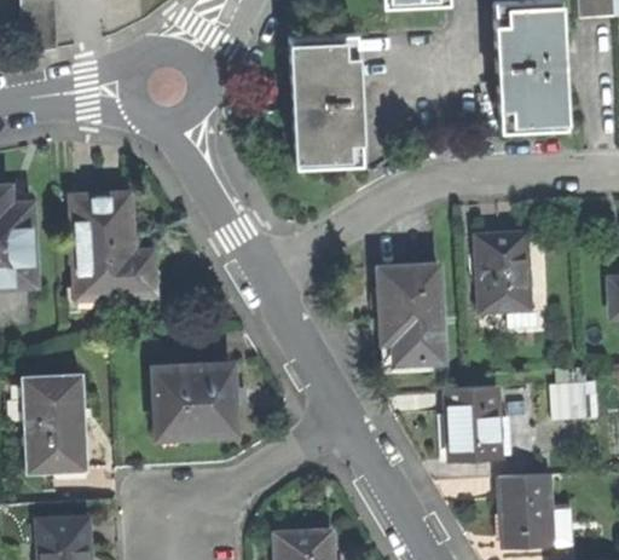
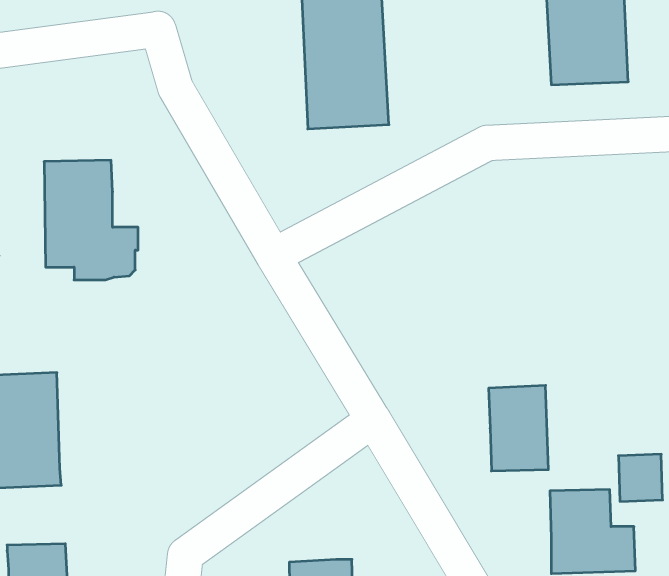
building: [478,230,548,335] -> none
building: [380,264,442,362] -> none
building: [152,364,233,435] -> none
building: [551,381,589,421] -> [618,454,663,501]

